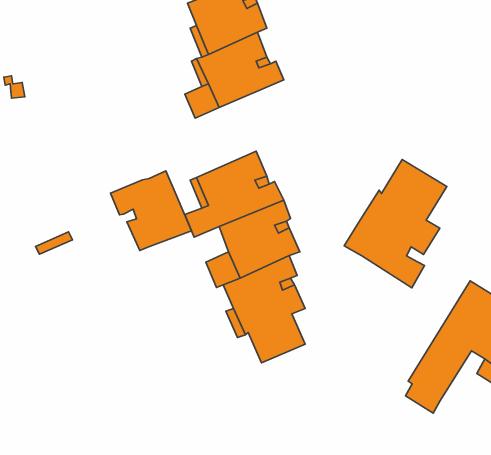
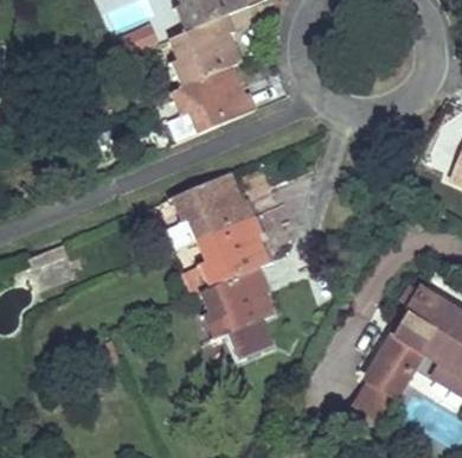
building: [344,160,447,288] -> none
building: [110,171,191,250] -> none

